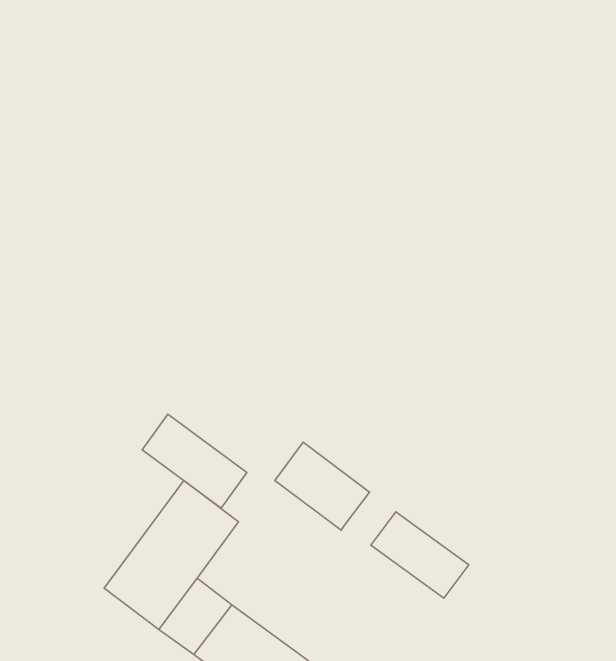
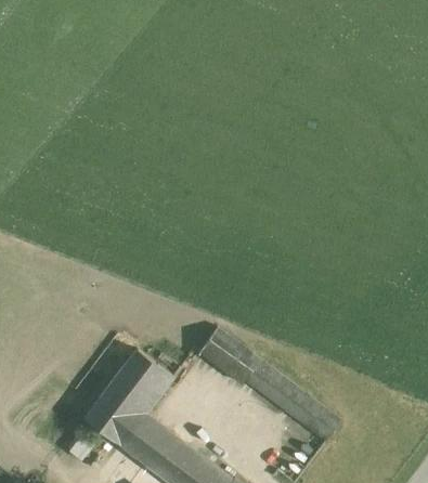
building: [142,414,247,508] -> none
building: none -> [242,357,275,392]
building: none -> [307,405,341,440]

